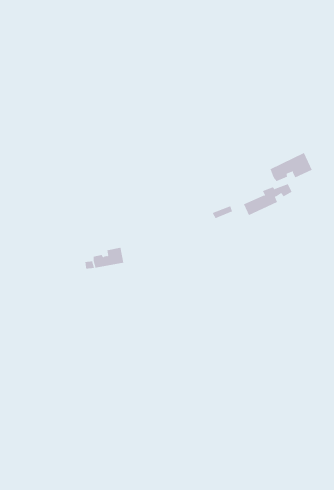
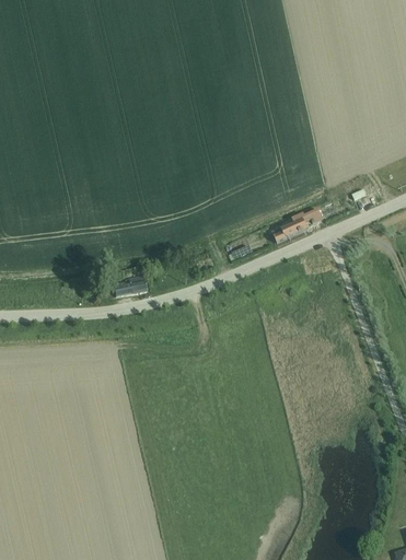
building: [270,152,313,182] -> none

